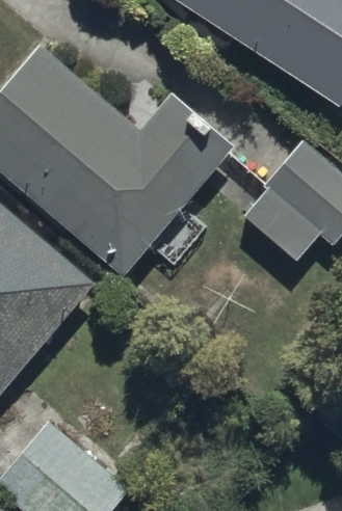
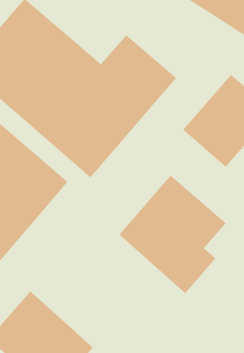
building: none -> [118,174,227,294]

